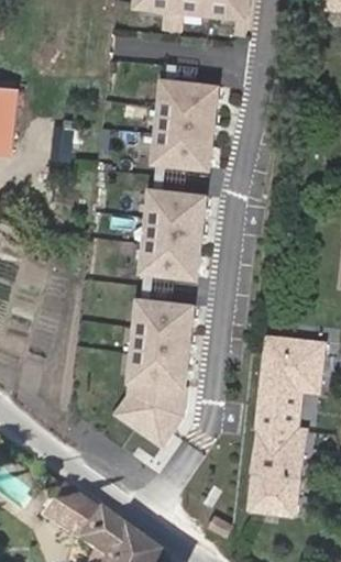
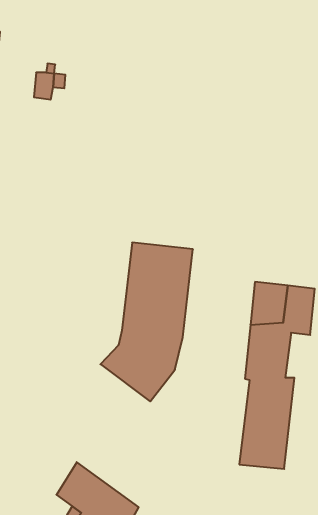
building: [157,77,227,169] -> none
building: [148,186,218,278] -> none
building: [33,483,91,540] -> none

